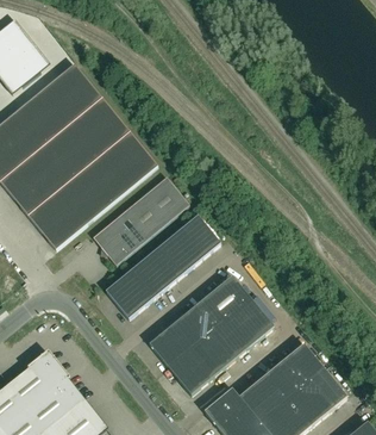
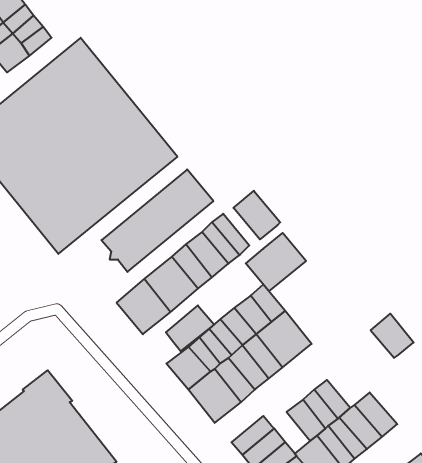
building: none -> [233,191,280,239]
building: none -> [246,233,306,291]
building: none -> [166,305,214,351]
building: [287,343,324,381] -> [371,314,414,358]
building: [239,385,272,421] -> none

